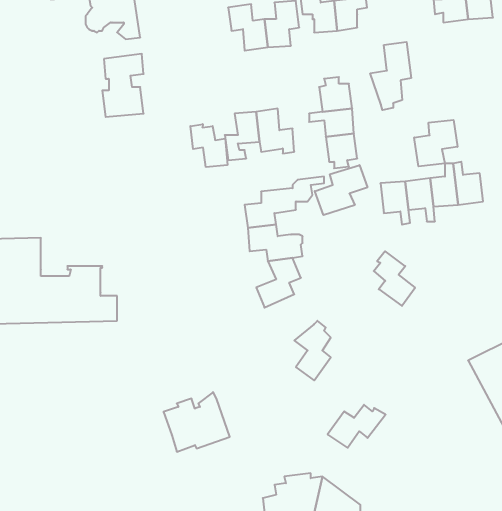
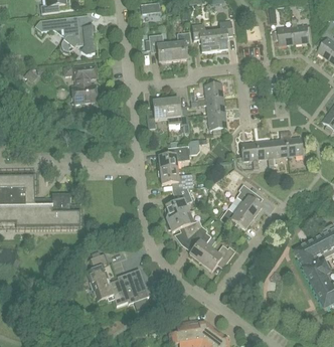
building: [370,42,411,110] -> none
building: [414,120,457,166] -> none
building: [190,124,227,167] -> none
building: [315,165,367,215] -> none
building: none -> [219,207,254,229]
building: none -> [166,210,200,238]
building: none -> [88,253,114,301]
building: [328,405,386,448] -> [200,244,235,271]

